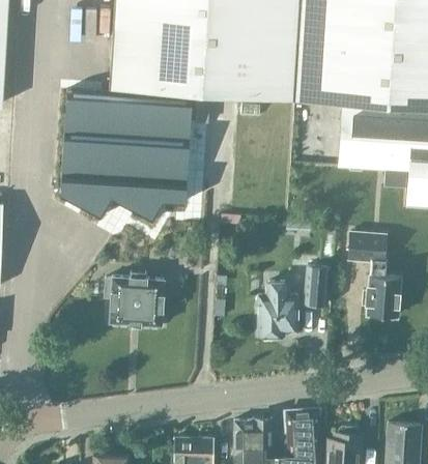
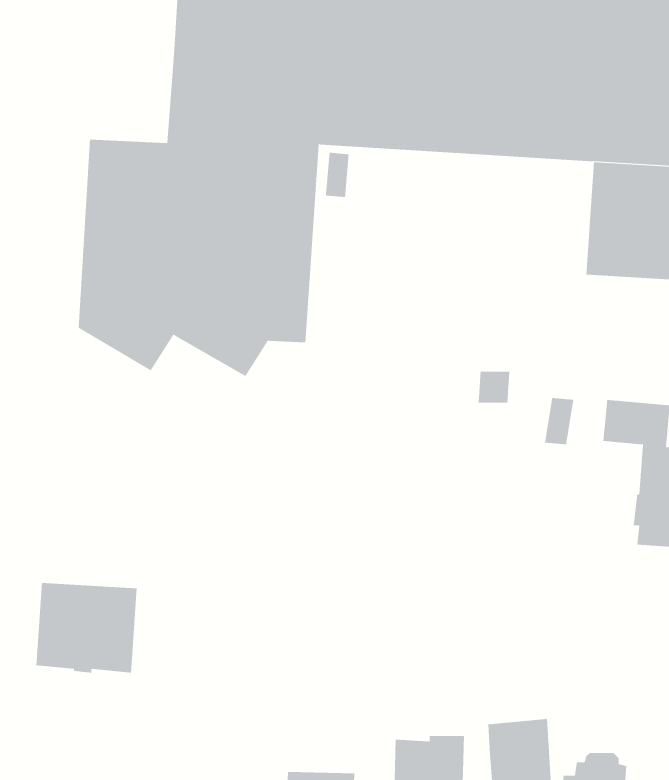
building: [305,265,331,305] -> none
building: [109,276,165,325] -> [36,582,138,673]
building: [257,281,297,340] -> none

